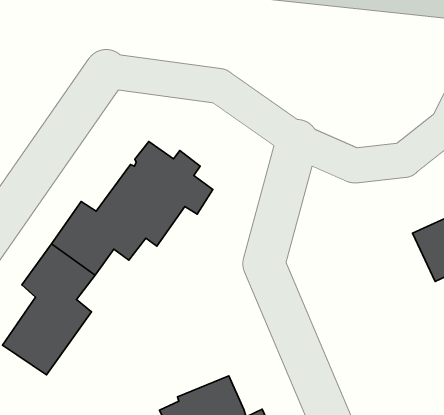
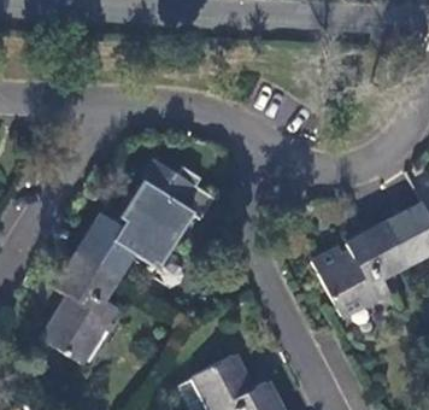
building: none -> [312,224,406,316]

